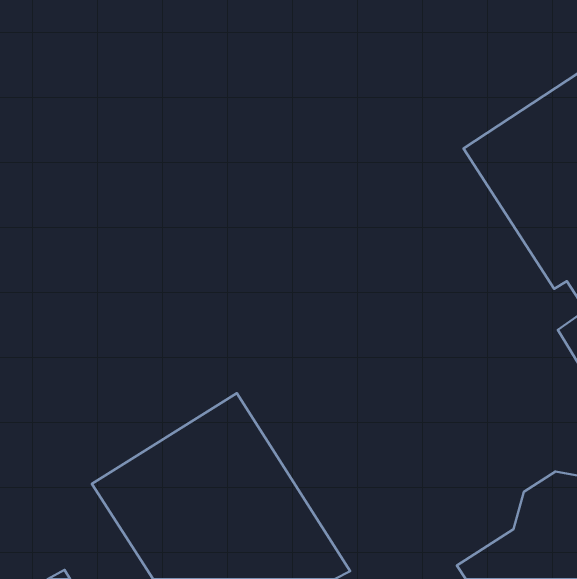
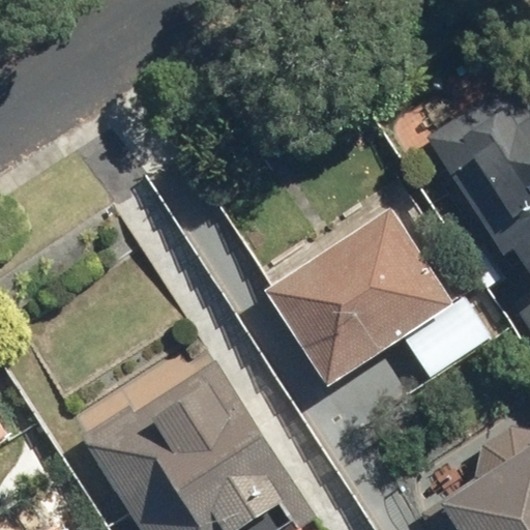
building: none -> [264,208,491,391]

